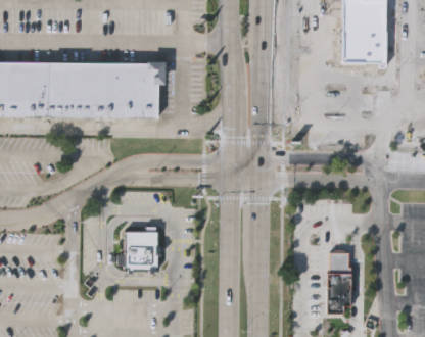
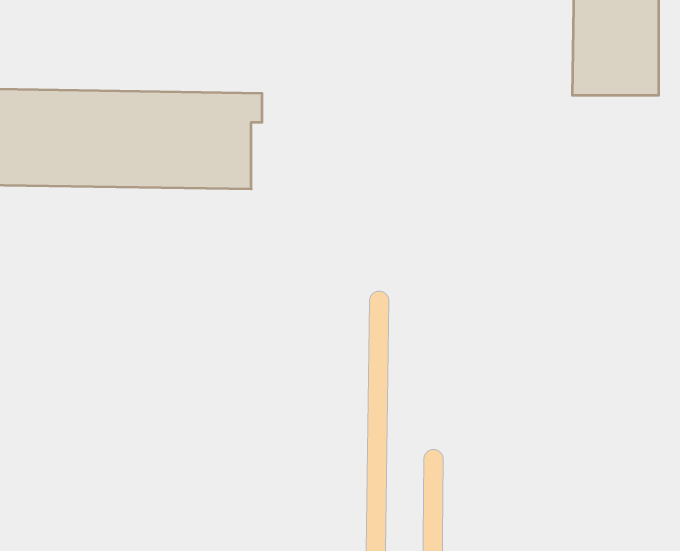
building: [124,226,160,271] -> none
building: [327,251,351,312] -> none

